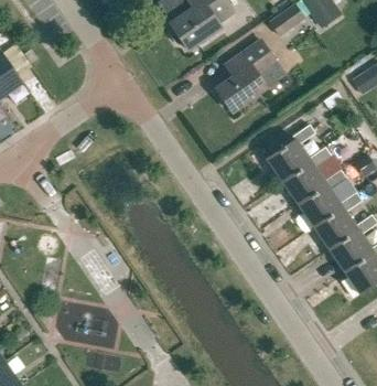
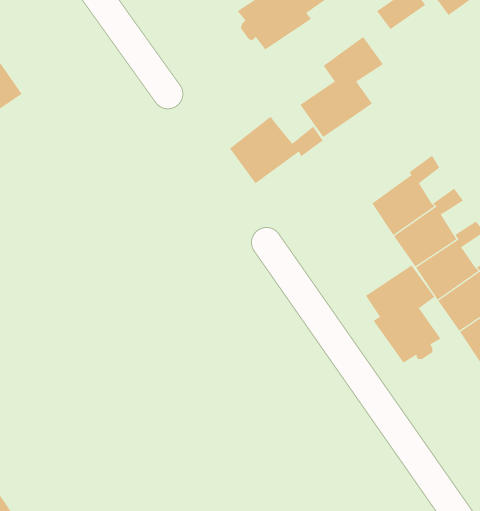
building: none -> [229,116,324,184]
building: none -> [365,265,441,364]

